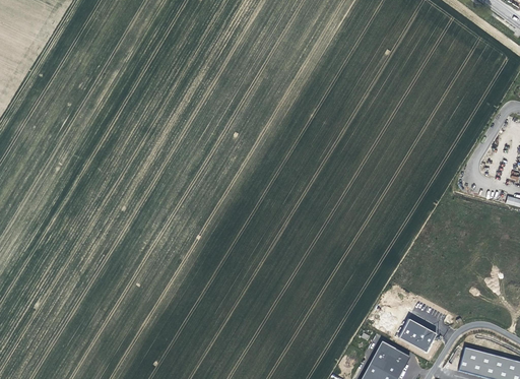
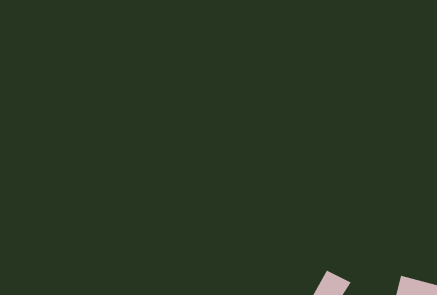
building: [401,320,438,352] -> none

